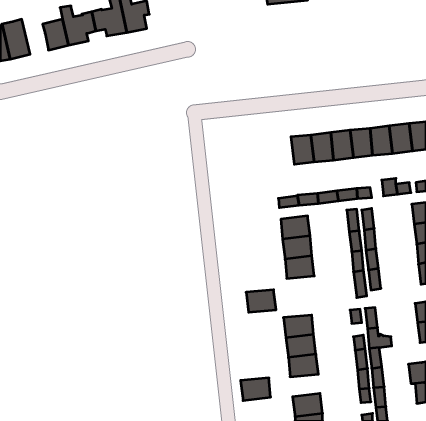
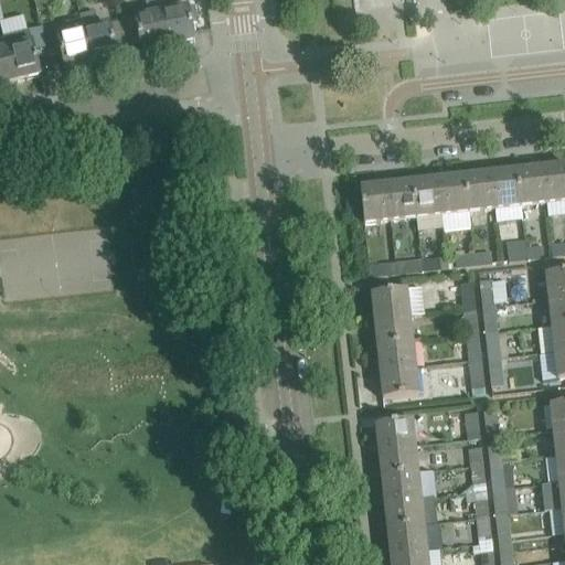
building: none -> [360,181,390,221]
building: [246,290,276,312] -> [380,365,419,395]
building: [241,378,271,401] -> [384,495,424,525]

